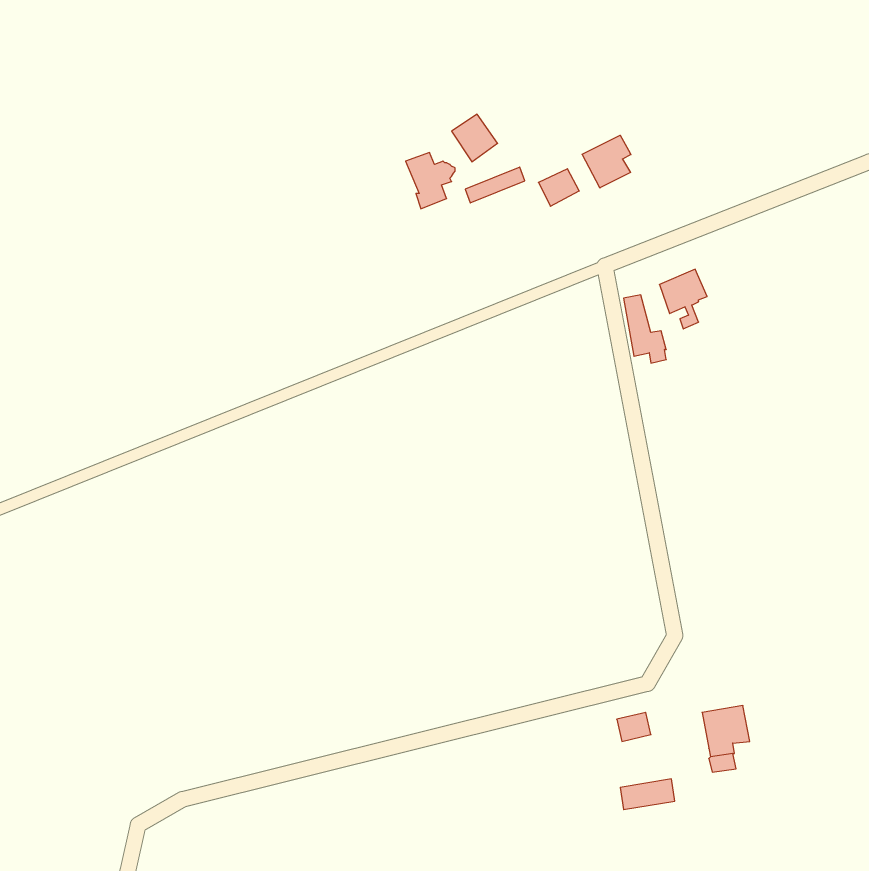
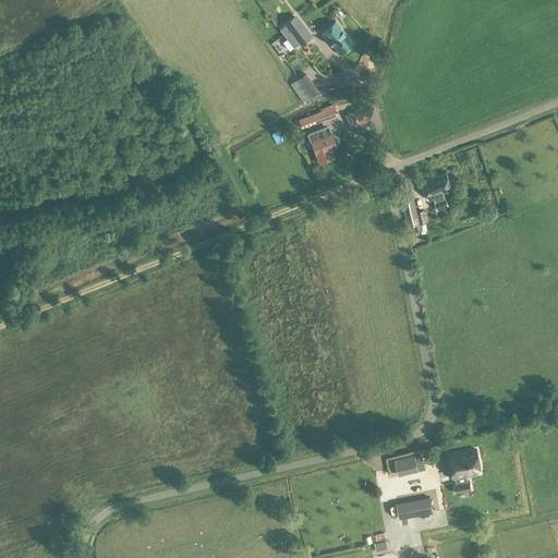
building: none -> [281,15,311,46]
building: none -> [320,22,354,56]
building: [582,135,631,188] -> none
building: [406,153,455,209] -> [307,130,339,166]

